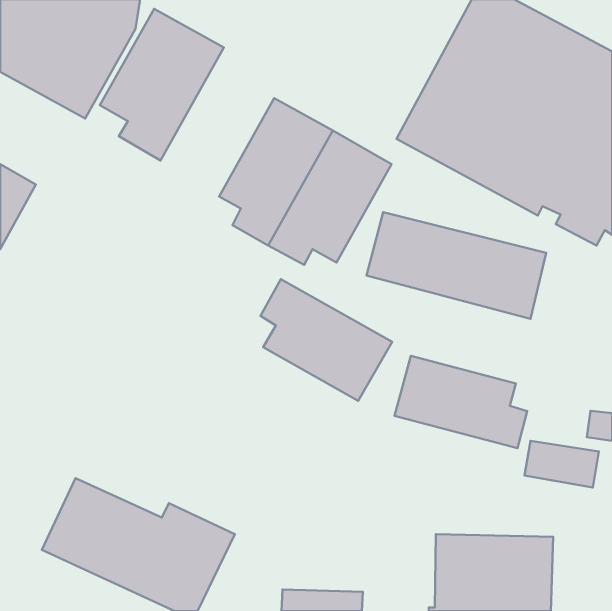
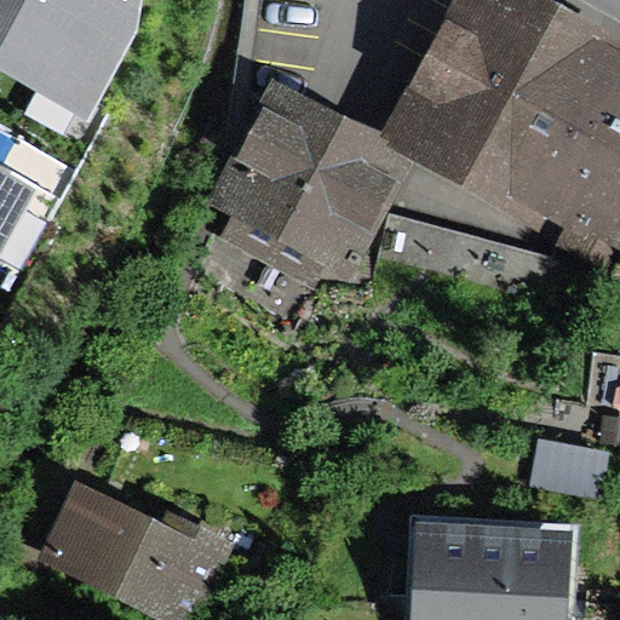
building: [100,9,224,160] -> none
building: [260,279,392,401] -> none
building: [395,356,527,448] -> none

